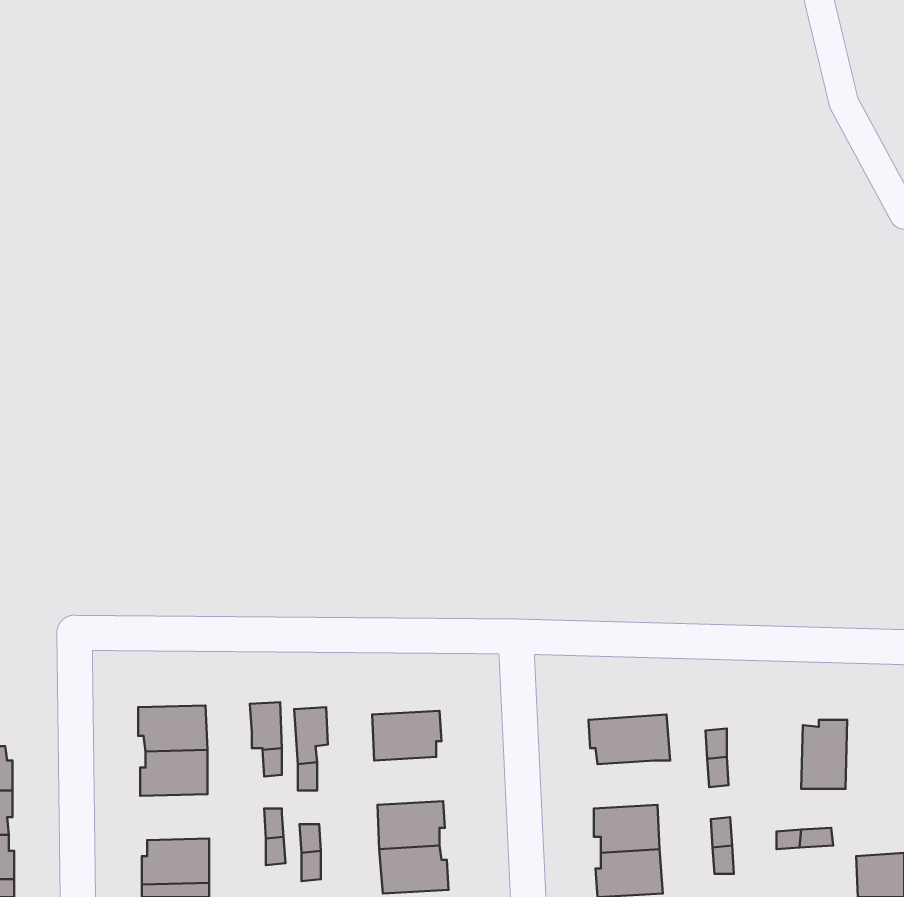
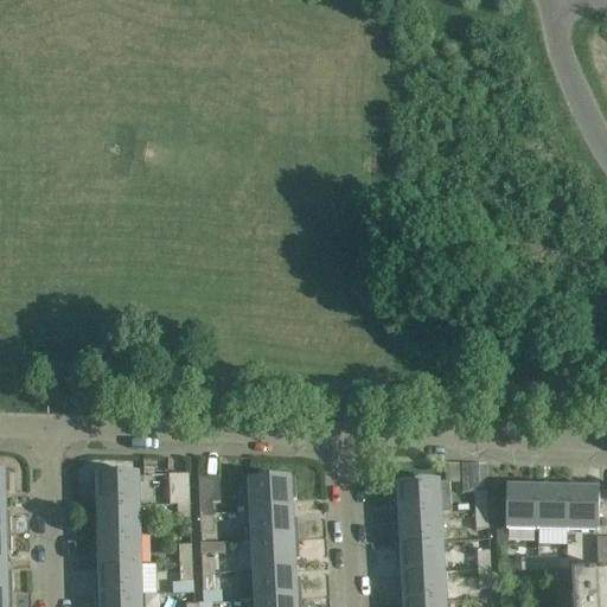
building: none -> [496,481,537,538]
building: none -> [566,481,599,564]
building: none -> [250,506,296,538]
building: none -> [396,509,440,541]
building: none -> [94,531,140,562]

